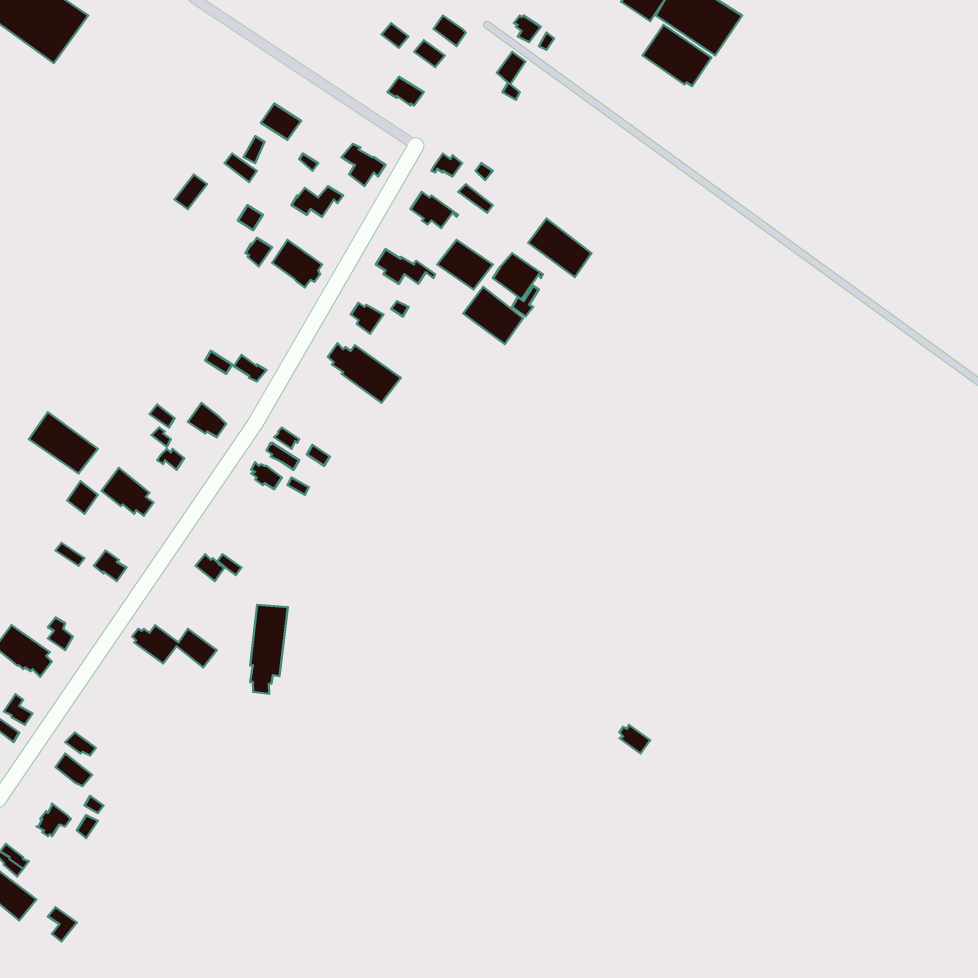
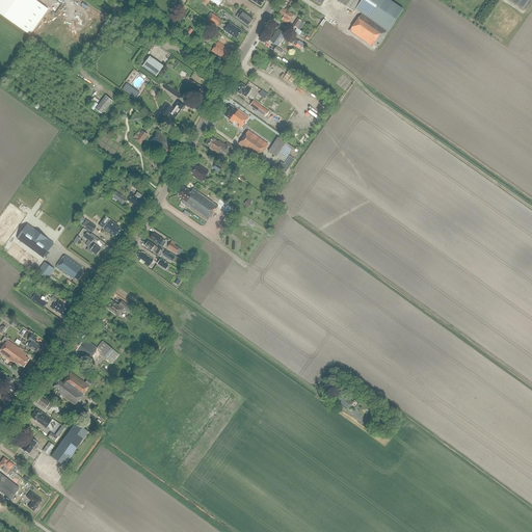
building: [528,218,592,277] -> none
building: [463,287,523,344] -> none
building: [250,605,288,694] -> none
building: none -> [52,371,90,405]
building: none -> [50,422,87,464]

